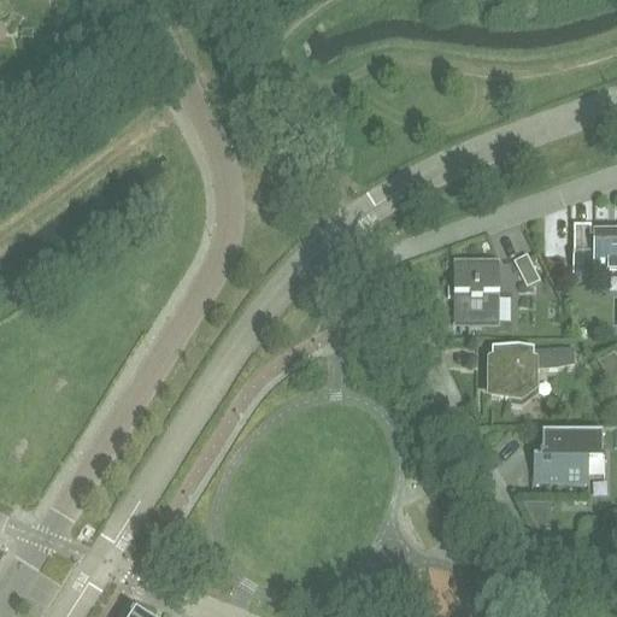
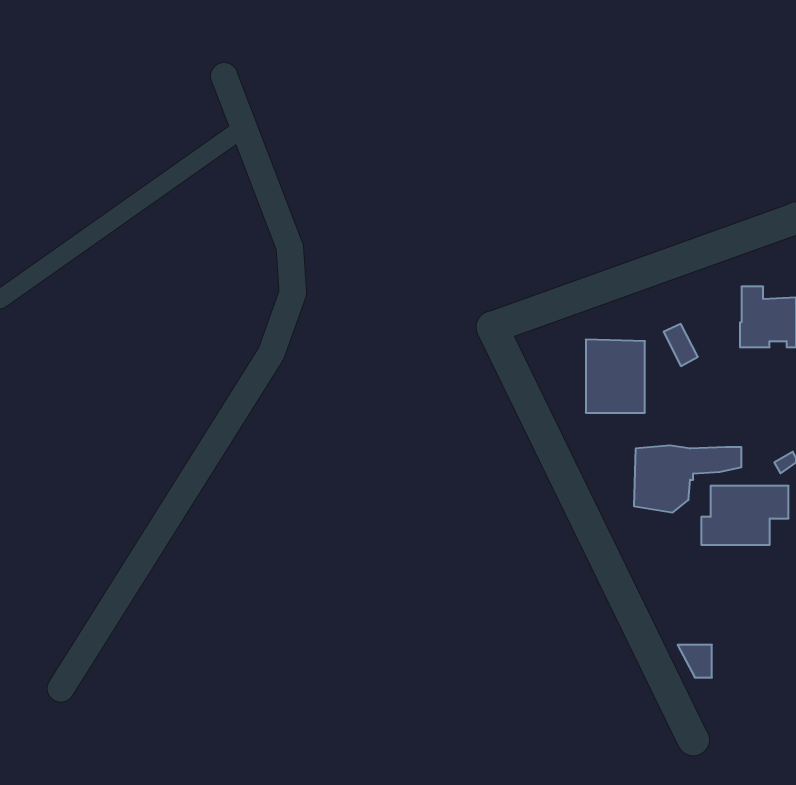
building: [534,431,601,477] -> [701,486,789,545]

